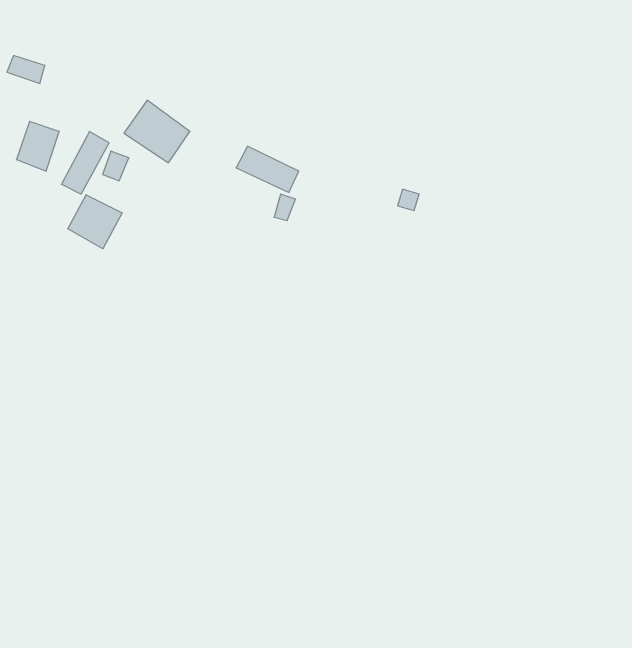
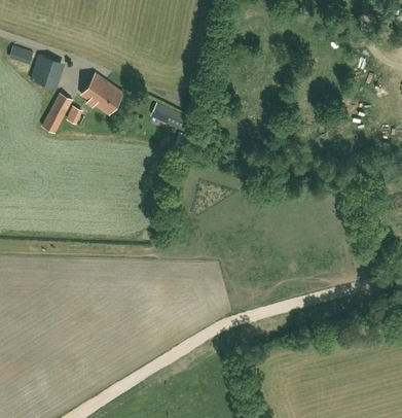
building: [16,122,59,171] -> [31,55,58,85]
building: [68,195,122,249] -> none

